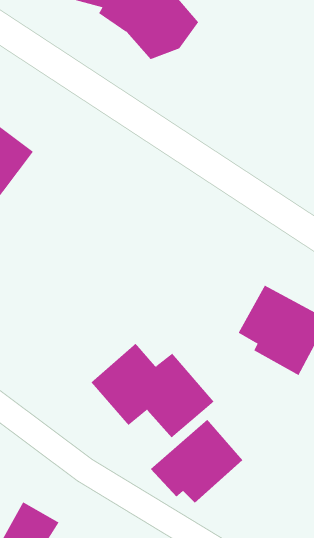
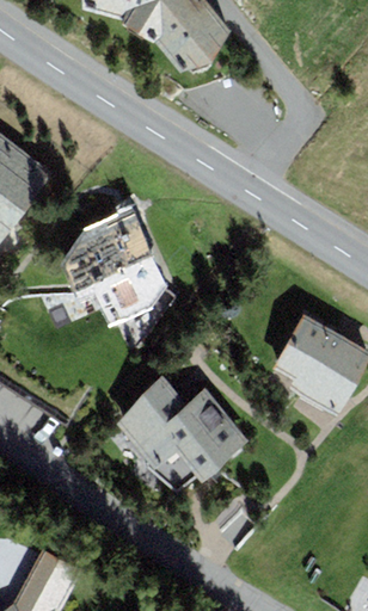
building: none -> [62,210,164,325]
building: [150,419,243,503] -> none

